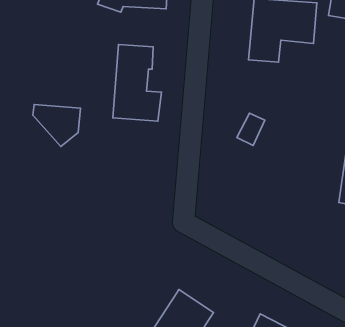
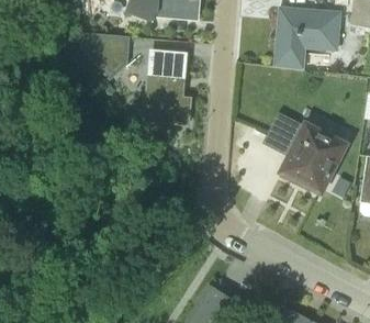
building: [33,105,81,146] -> [78,37,123,77]
building: none -> [282,126,343,192]

